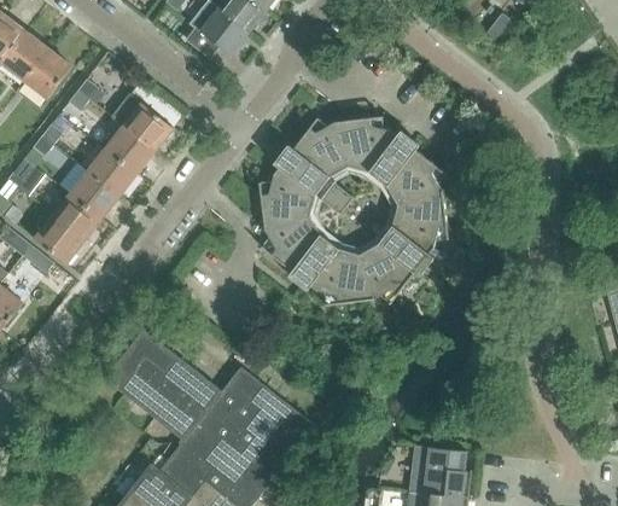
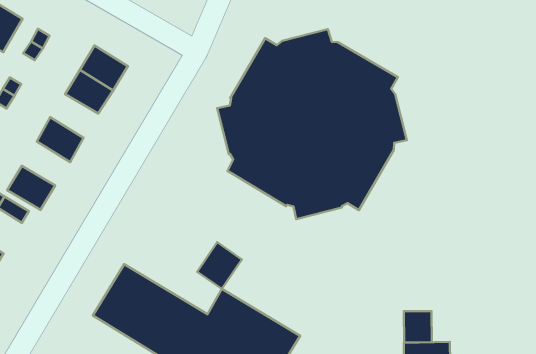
building: [86,147,135,194] -> none
building: [51,192,100,239] -> none
building: none -> [197,242,242,289]
building: none -> [404,311,432,342]

